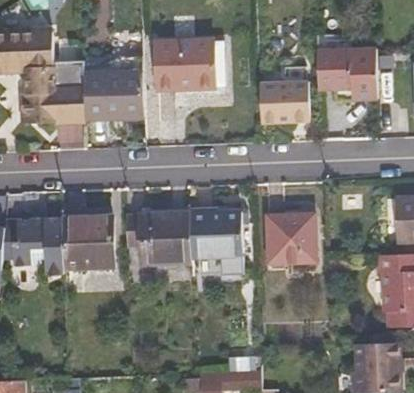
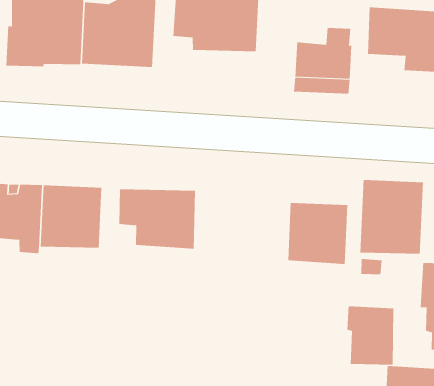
building: none -> [360,179,424,254]
building: [187,212,240,268] -> none
building: none -> [347,305,394,366]

